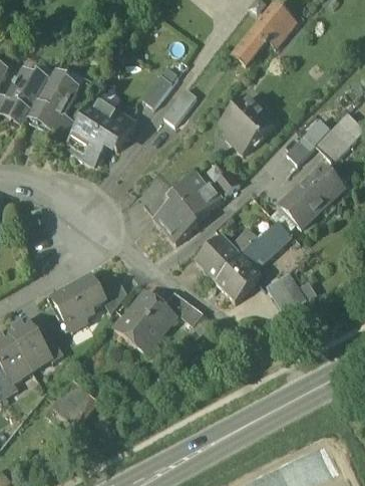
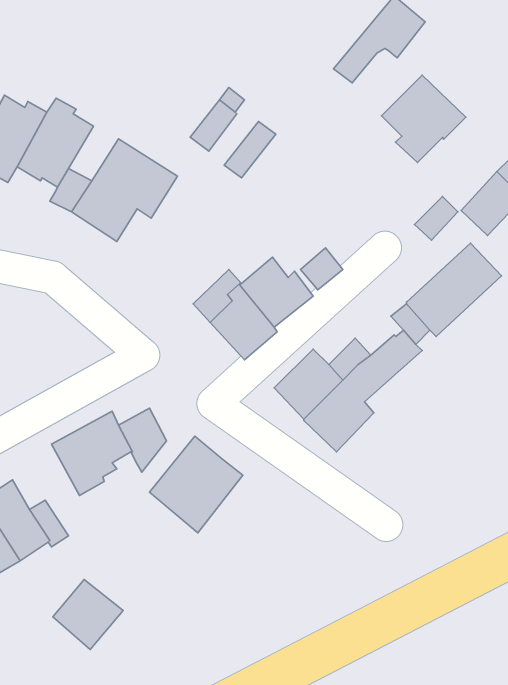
building: [220,96,274,153] -> [382,75,466,162]
building: [266,271,317,312] -> none
building: [162,290,204,325] -> none

